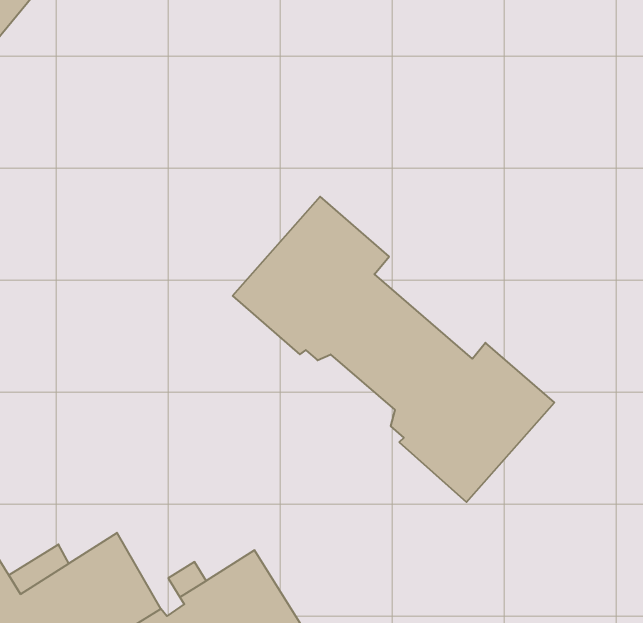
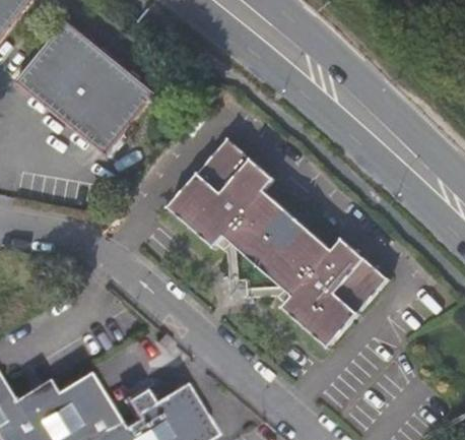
building: none -> [10,18,154,150]

